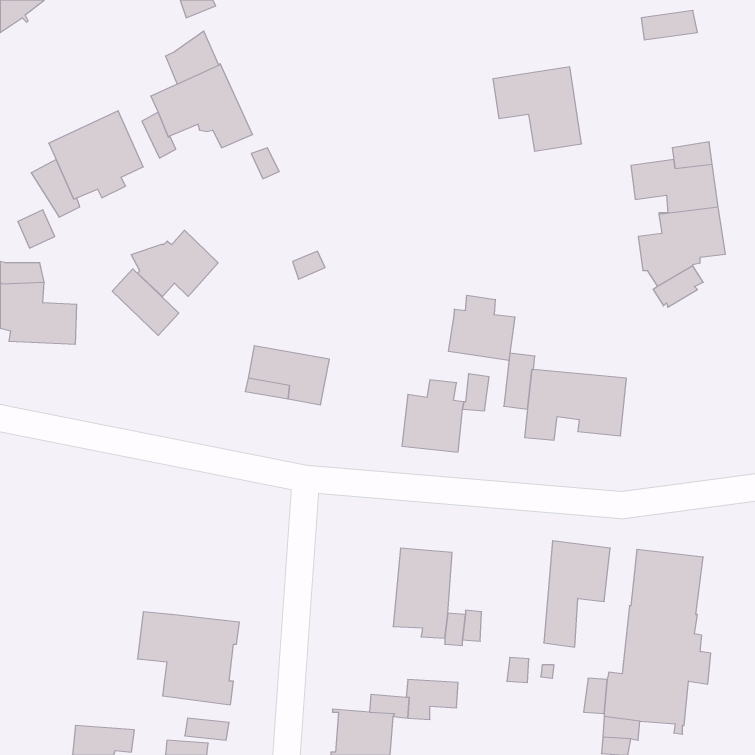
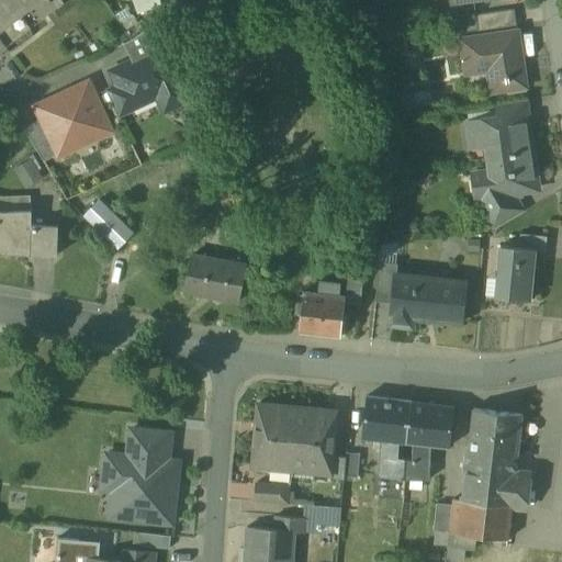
building: [493,67,582,151] -> [462,31,528,93]
building: [131,230,218,297] -> none
building: [448,295,515,361] -> none
building: none -> [494,234,547,302]
building: none -> [362,396,411,477]
building: none -> [252,404,297,469]
building: none -> [127,429,170,461]
building: none -> [256,482,290,504]

